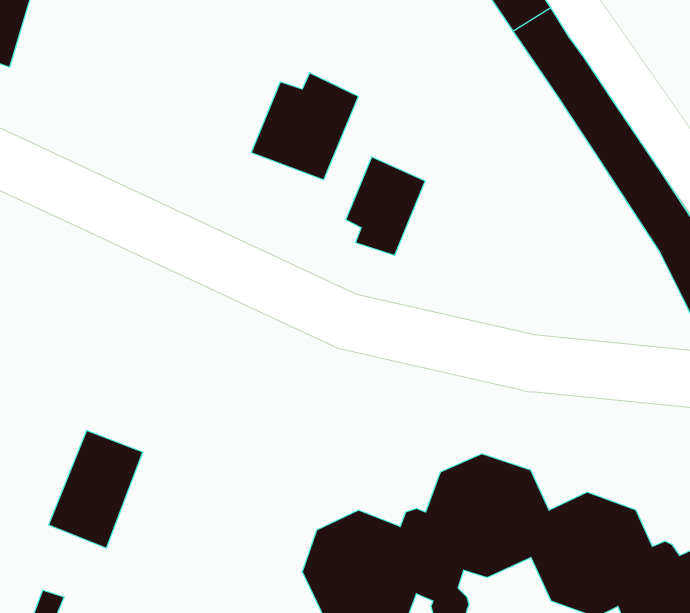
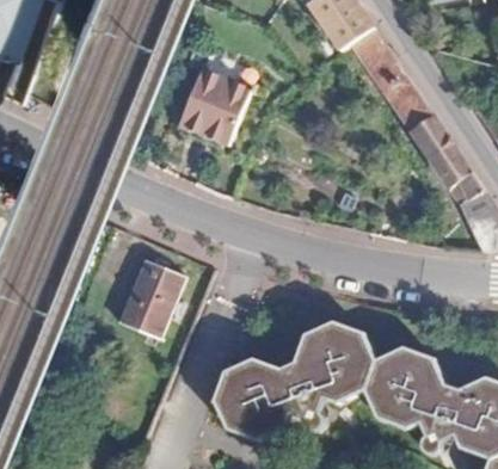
building: [346,157,425,256] -> none
building: [48,430,143,548] -> [119,259,182,337]

